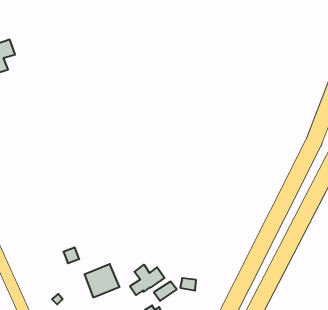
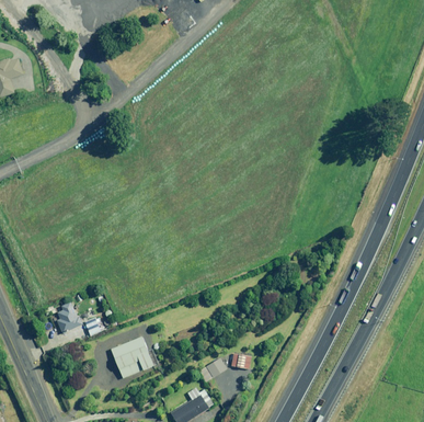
building: none -> [57,301,82,333]
building: [130,265,165,295] -> none

